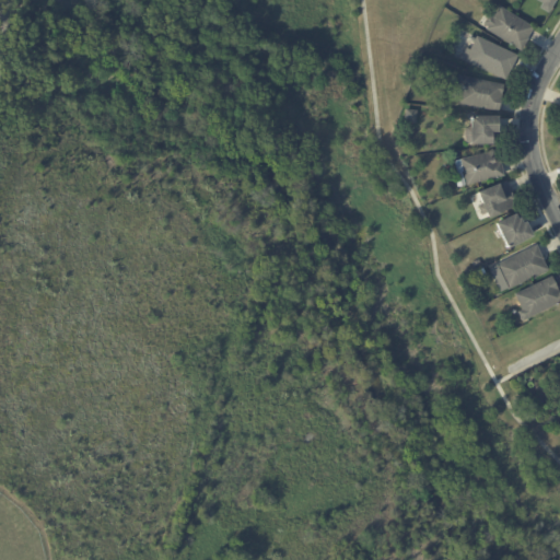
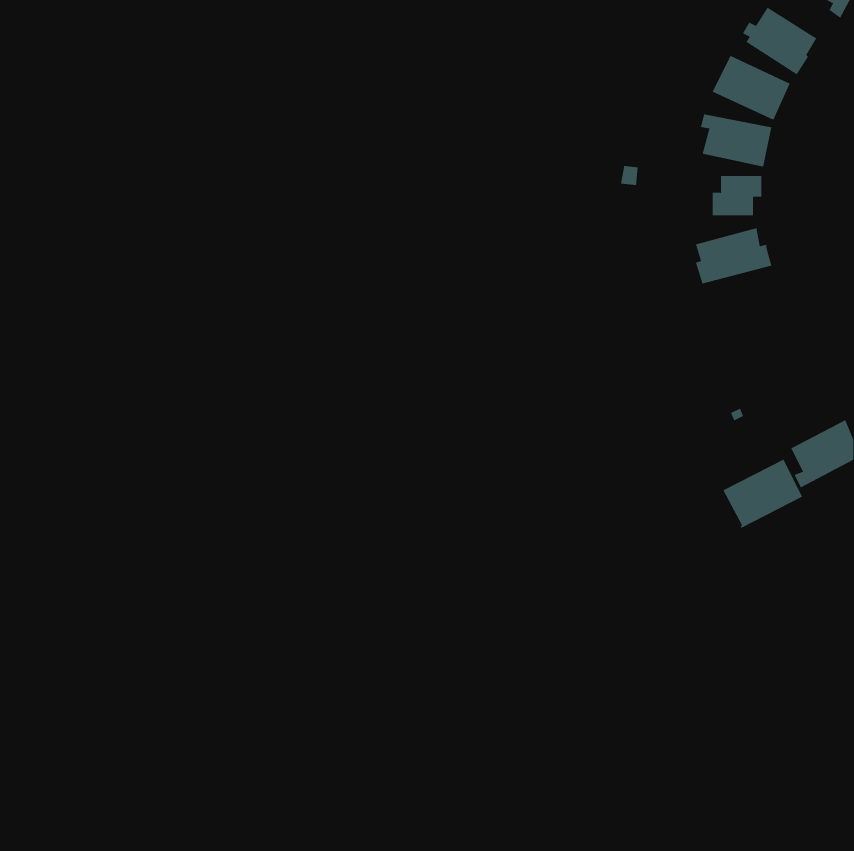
building: [478,180,513,217] -> none
building: [497,213,534,247] -> none
building: [498,243,550,289] -> [723,458,803,529]

